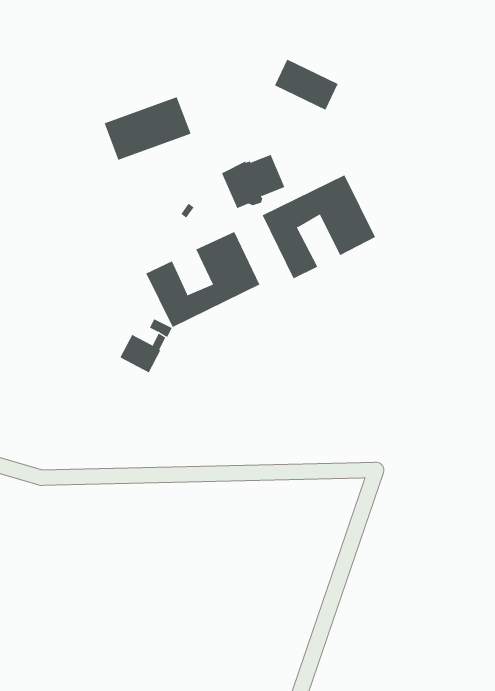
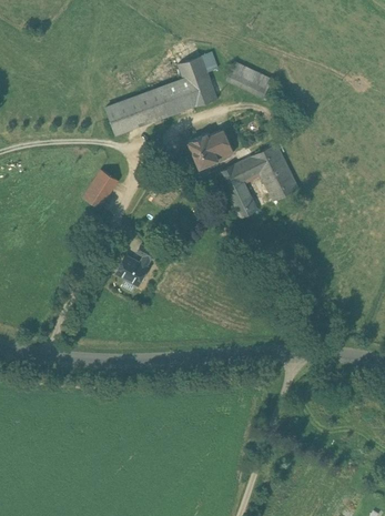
building: none -> [156,53,216,115]
building: none -> [82,170,116,209]
building: [146,231,260,328] -> none

